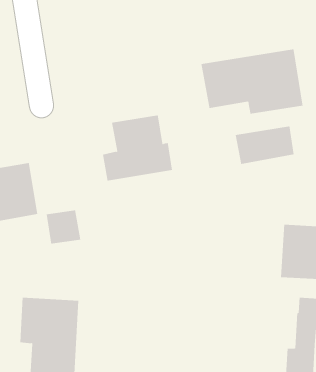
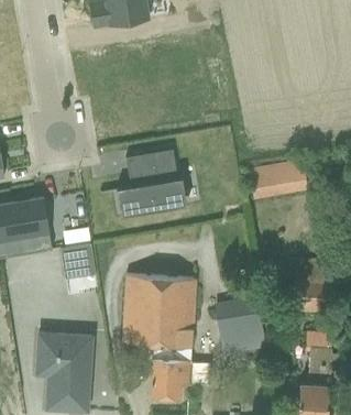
building: [201,49,303,114] -> none
building: none -> [121,274,208,400]
building: none -> [213,295,267,354]

